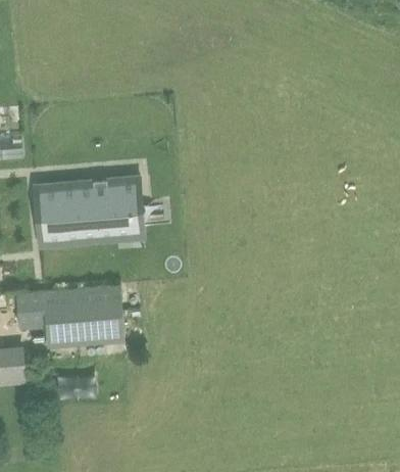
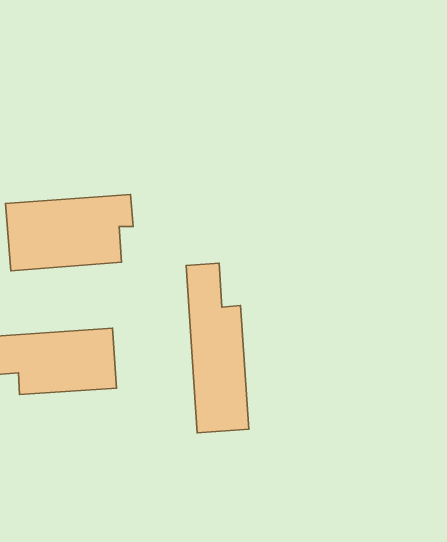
building: none -> [186,263,249,433]

